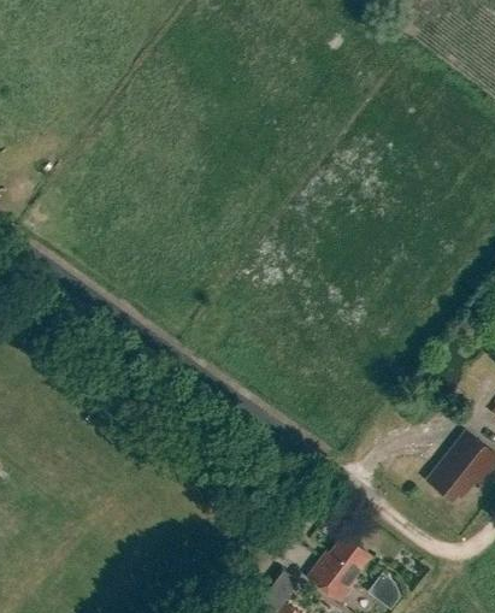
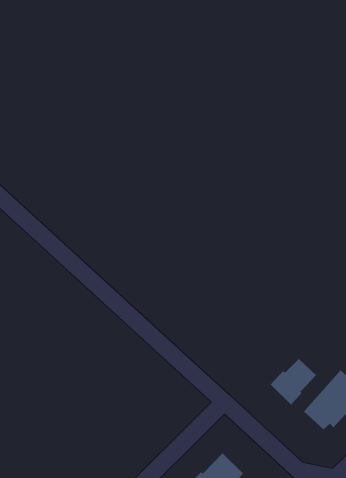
building: none -> [270,358,317,406]

